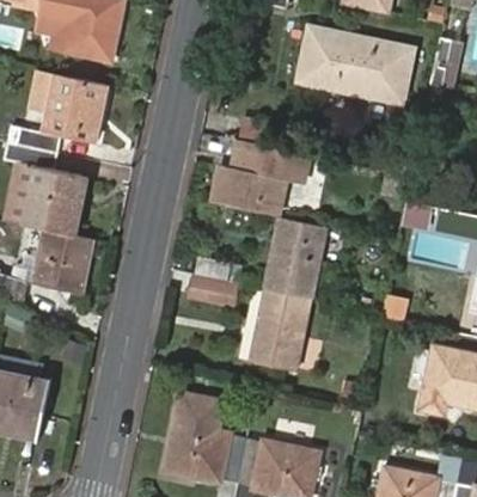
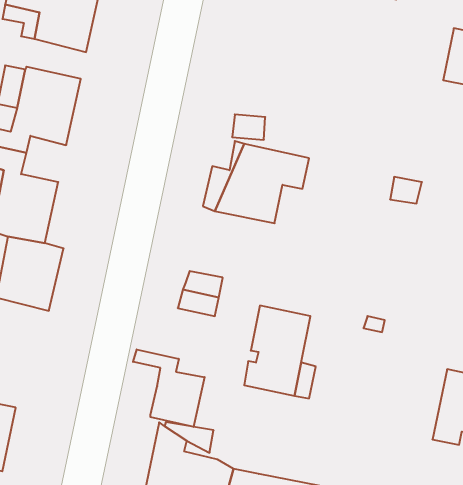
building: [296,25,414,103] -> none
building: [265,216,326,297] -> none
building: none -> [133,349,205,427]

